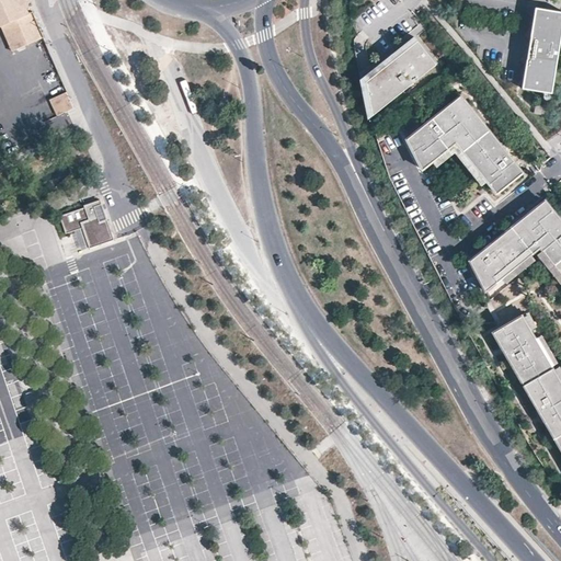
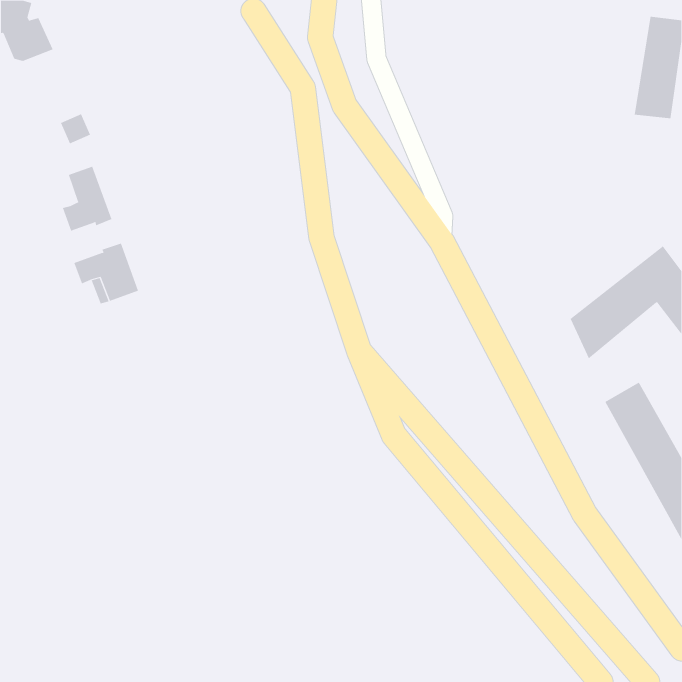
building: [359,37,435,121] -> none
building: [403,95,519,196] -> none
building: none -> [62,166,112,232]

